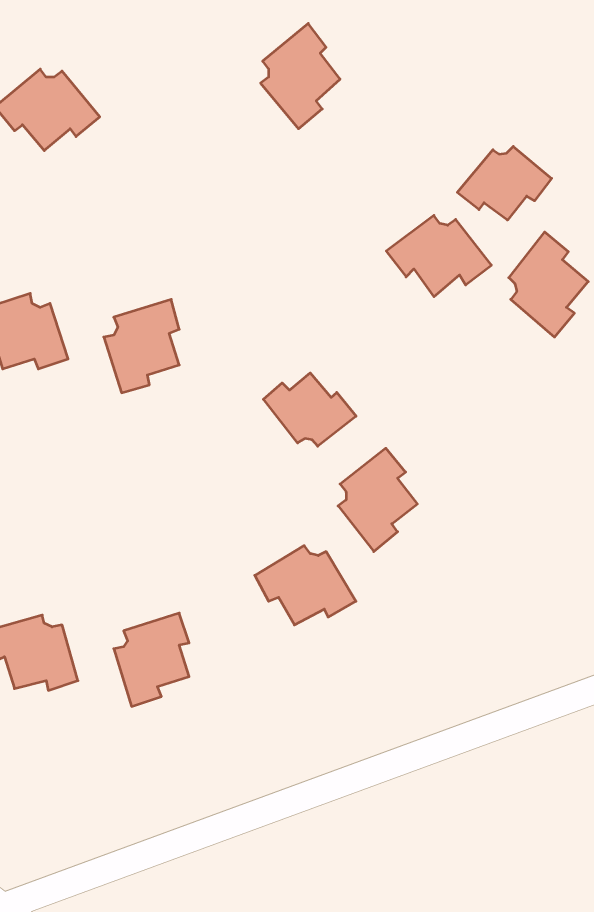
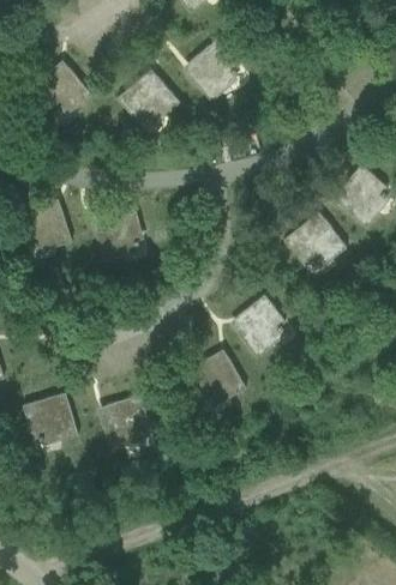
building: none -> [118,77,181,125]
building: [457,146,552,220] -> none
building: [386,215,491,297] -> [284,218,348,267]
building: [263,373,356,446] -> none

